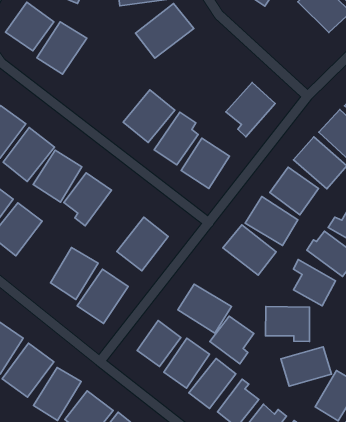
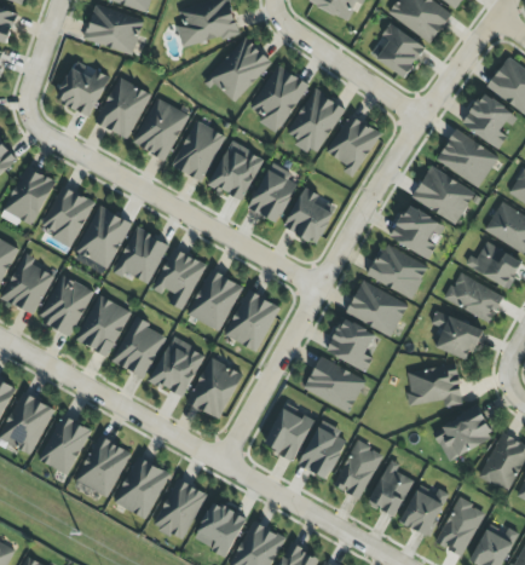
building: none -> [370,23,426,79]
building: none -> [249,64,310,133]
building: none -> [133,97,190,160]
building: none -> [287,90,346,155]
building: none -> [173,120,225,180]
building: none -> [189,270,242,330]
building: none -> [112,318,168,377]
building: [210,316,254,364] -> [327,318,376,371]

